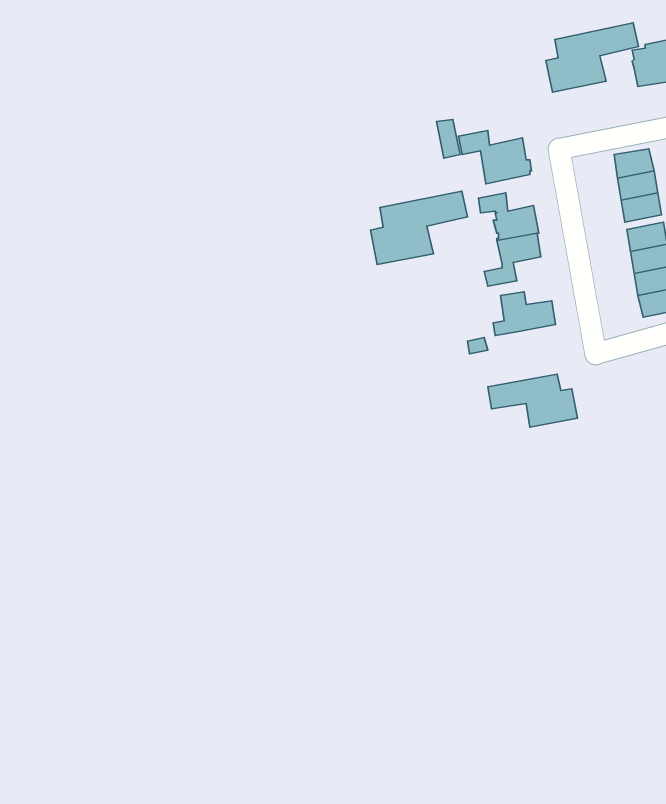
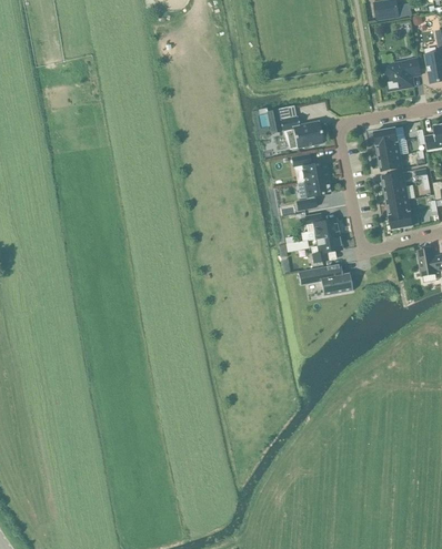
building: [546,23,639,92] -> none
building: [370,191,468,265] -> none
building: none -> [310,233,341,262]

